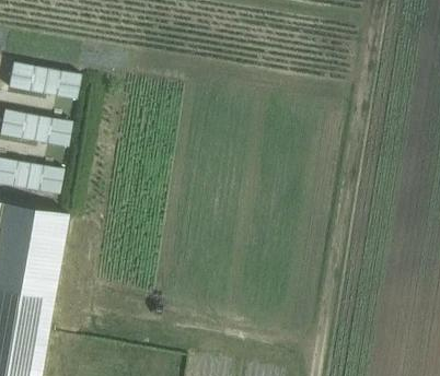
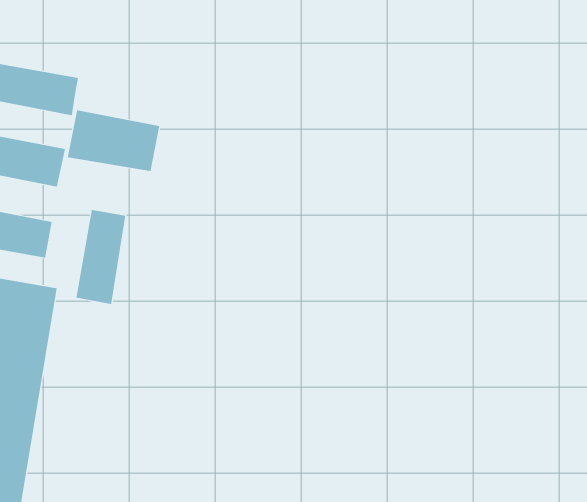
building: none -> [67,109,160,172]
building: none -> [76,209,126,305]

